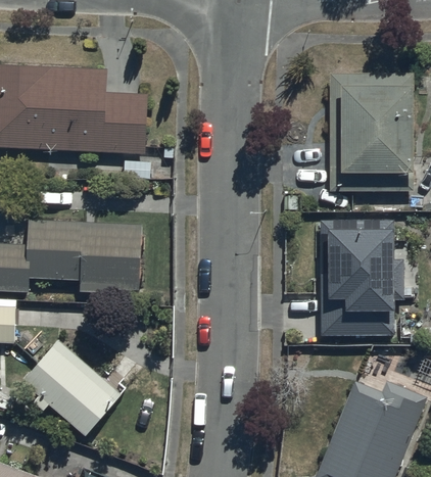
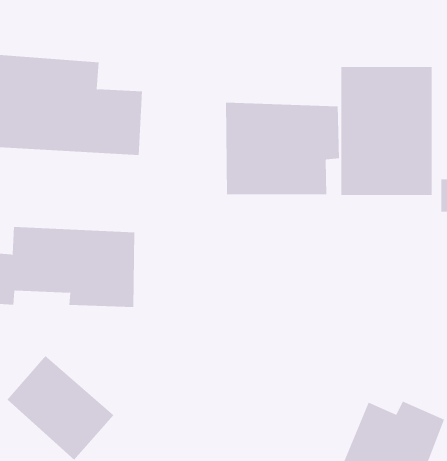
building: none -> [225,102,339,195]
building: [321,219,395,335] -> none

